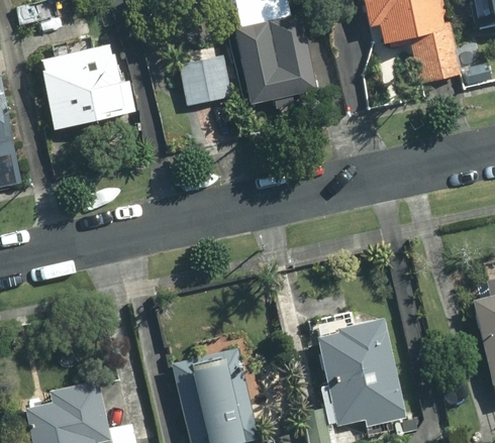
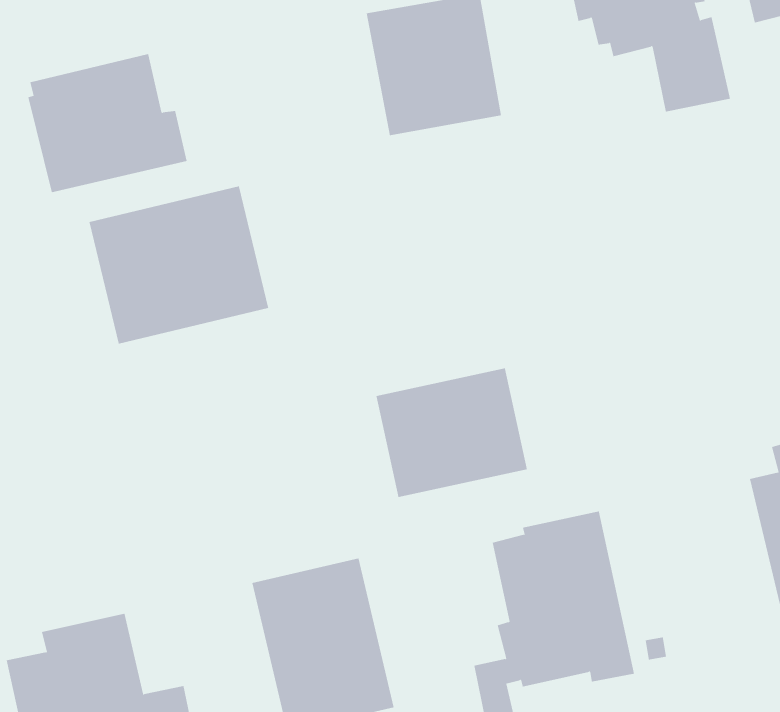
building: [178,54,231,105] -> none
building: none -> [89,185,269,344]
building: none -> [376,367,528,498]

